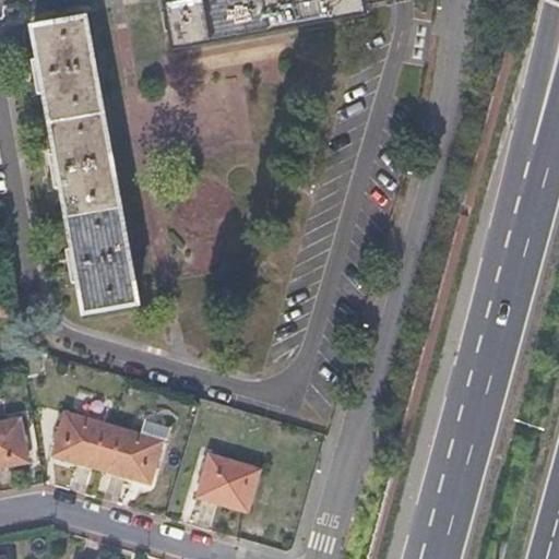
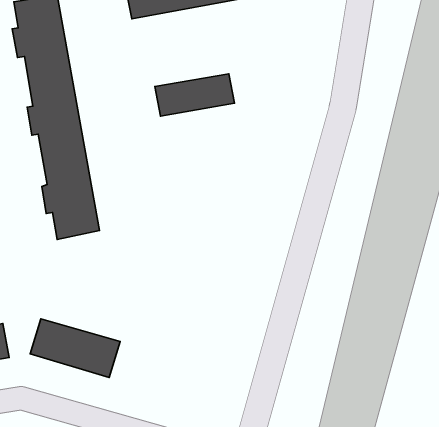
building: none -> [155,74,234,116]
building: [198,452,258,510] -> none

